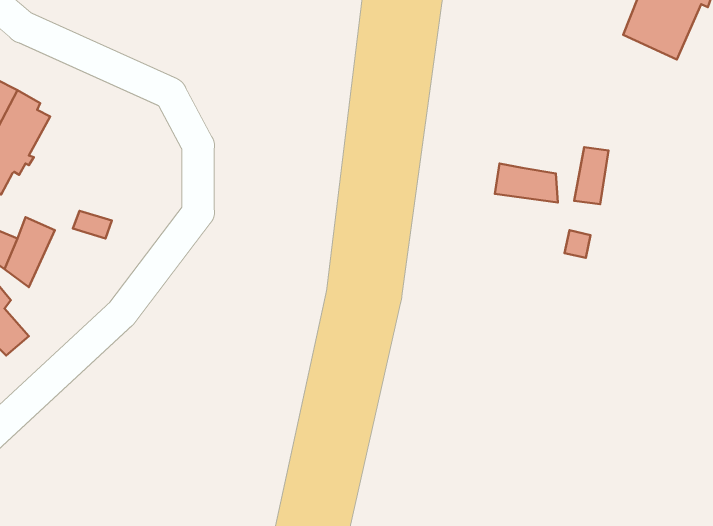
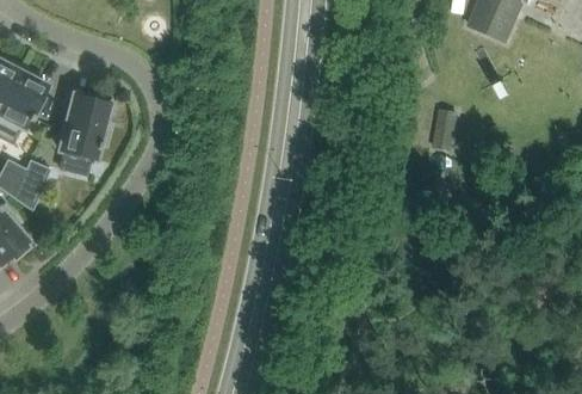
building: none -> [60,92,111,159]
building: [495,163,558,203] -> none

